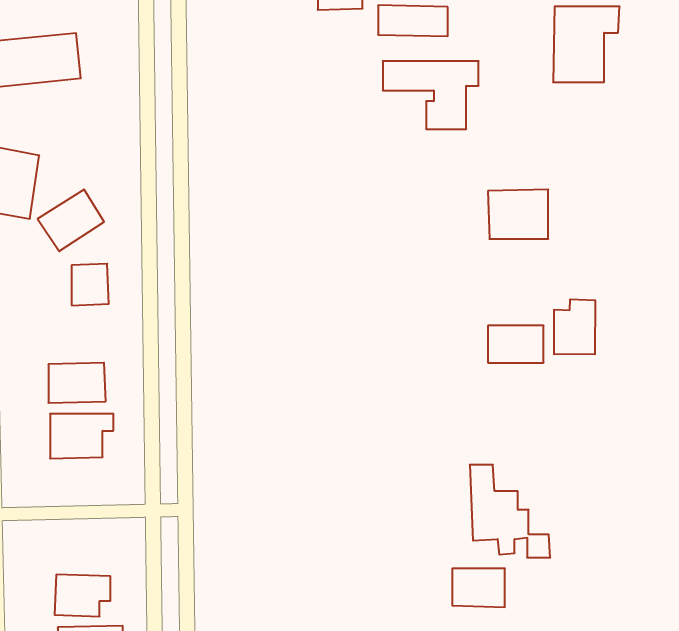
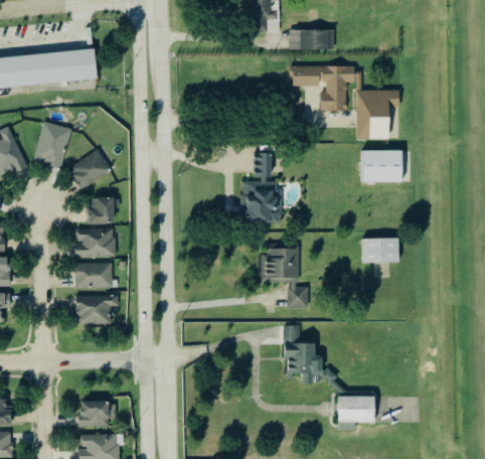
building: [553,6,620,82] -> [356,90,399,139]
building: none -> [240,153,281,223]
building: [554,299,595,354] -> none
building: none -> [74,227,114,257]
building: none -> [262,249,307,308]
building: [470,465,550,558] -> [284,325,336,386]

